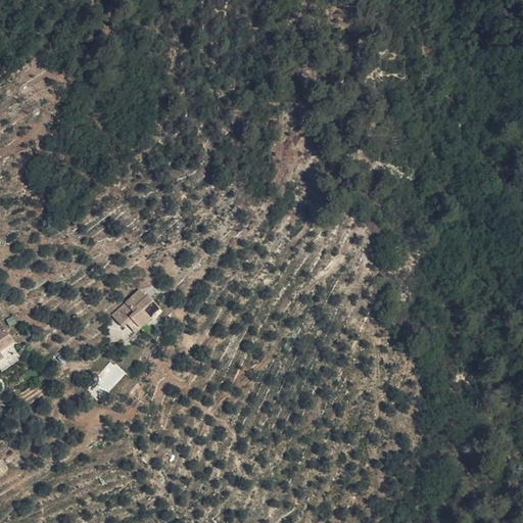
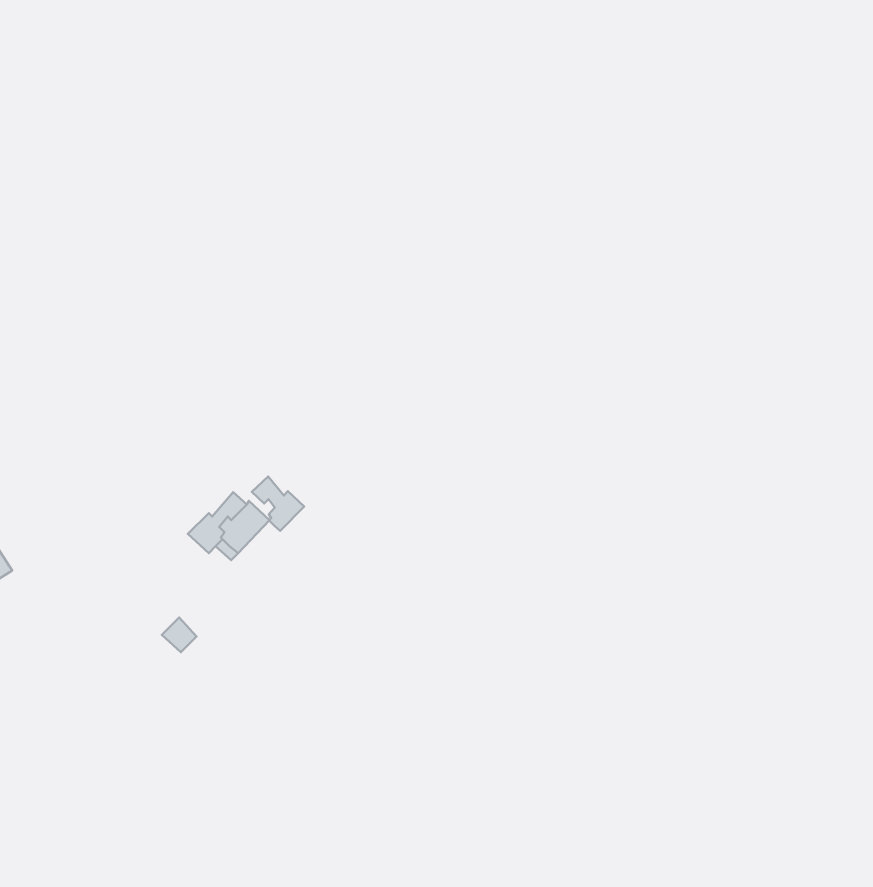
building: none -> [252,476,304,531]

